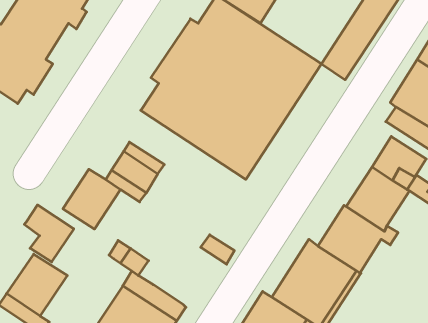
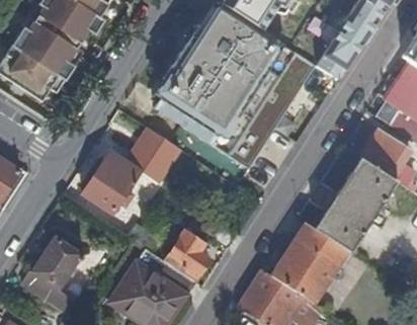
building: [24,205,74,262] -> none
building: none -> [164,231,207,281]

